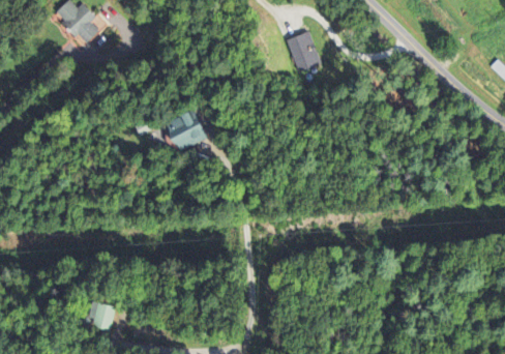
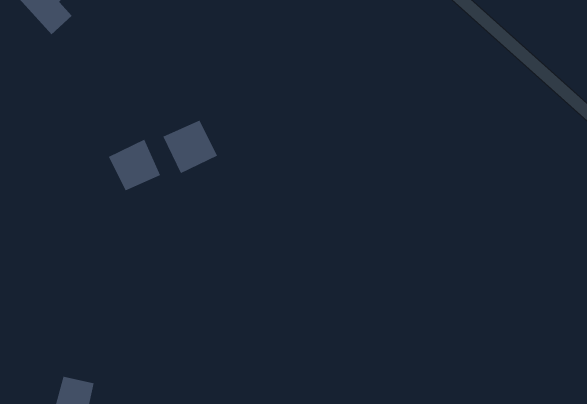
building: [287,31,314,68] -> none
building: none -> [108,139,161,191]

